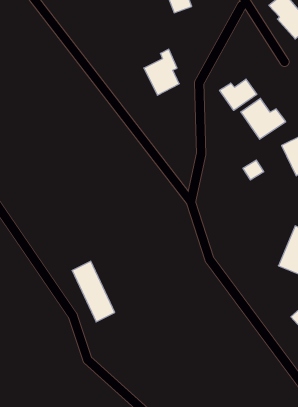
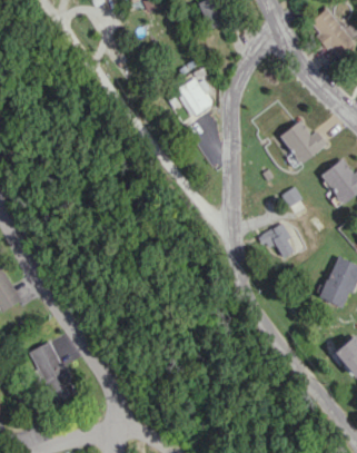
building: [220,79,257,110] -> none
building: none -> [258,223,294,258]
building: [72,261,115,322] -> [30,341,76,405]

